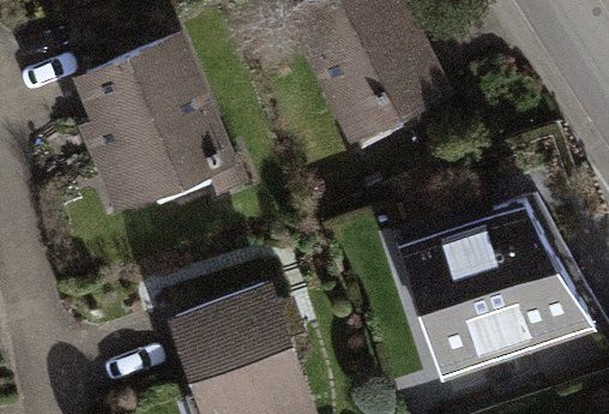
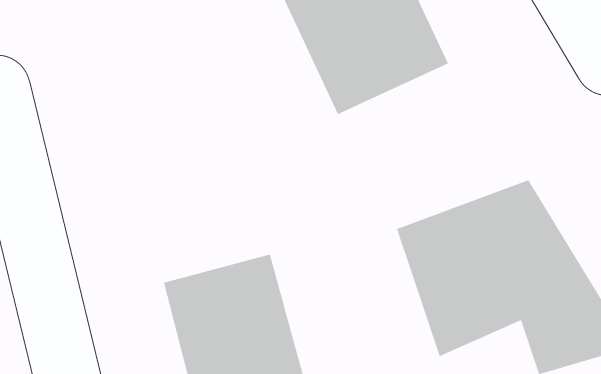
building: [74,38,229,216] -> none

